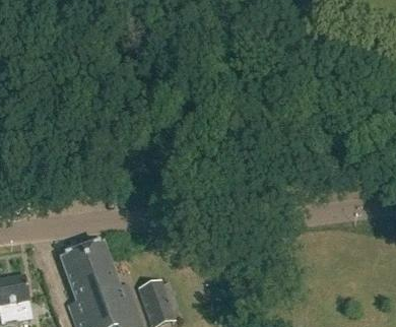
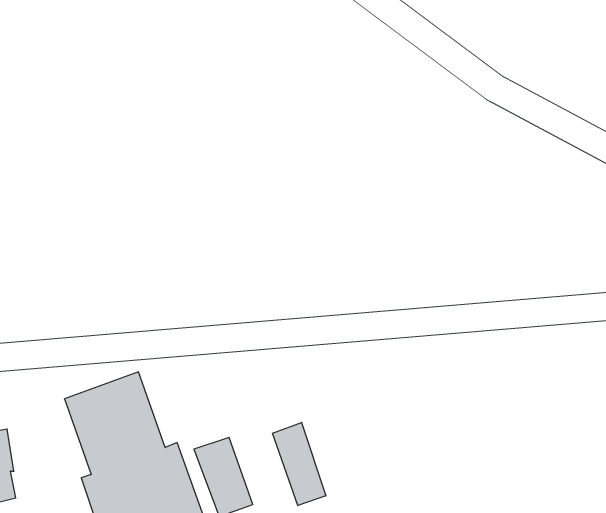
building: none -> [273,422,326,506]

